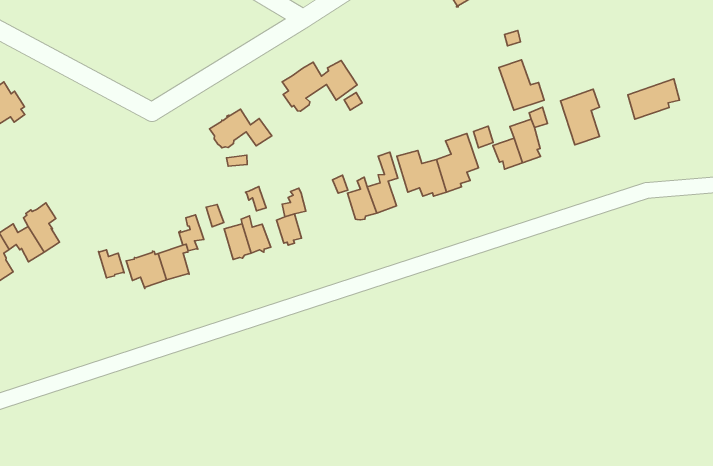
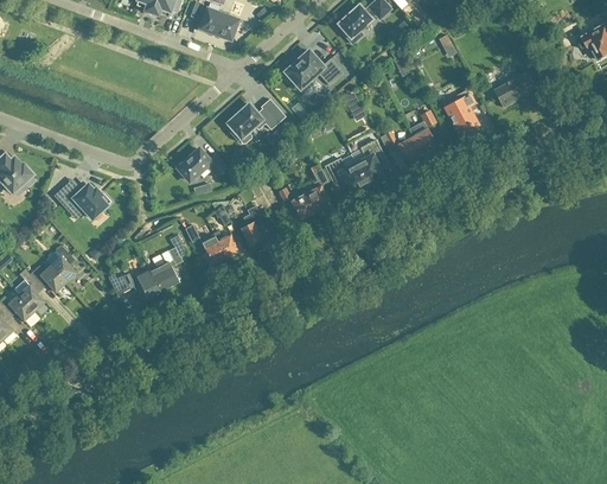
building: none -> [282,50,341,88]
building: [499,60,544,110] -> none
building: none -> [53,184,110,218]

